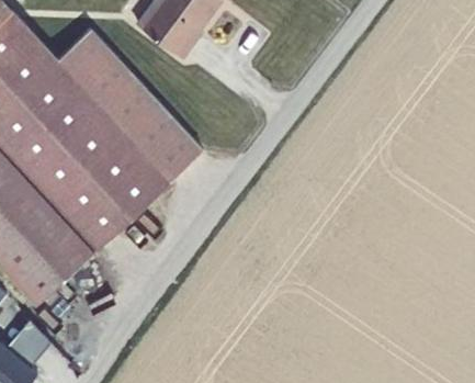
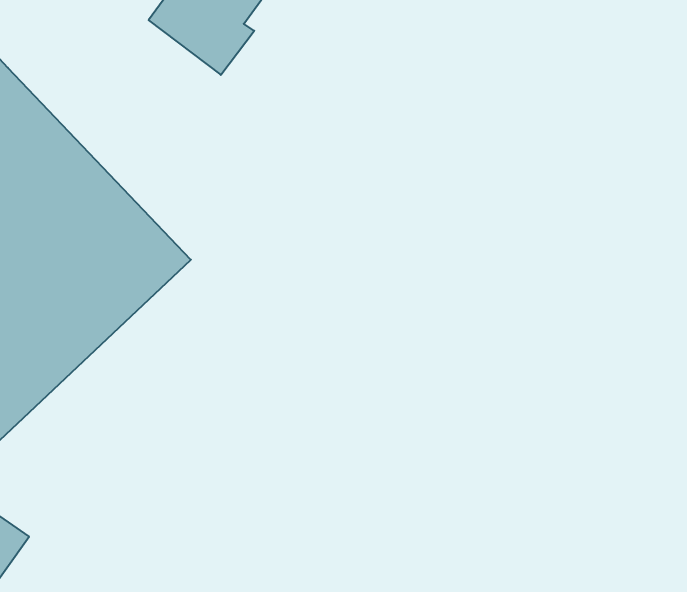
building: [50,23,196,173] -> none

